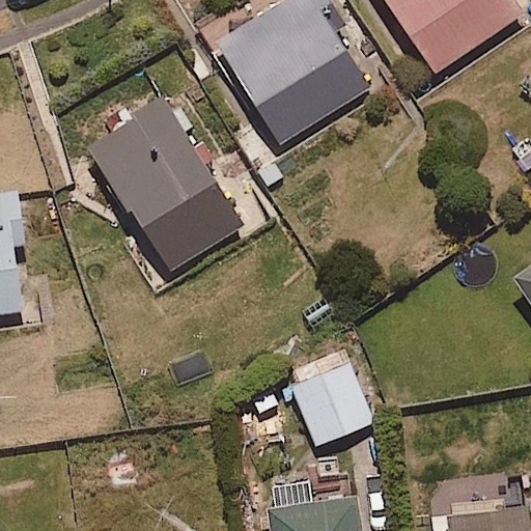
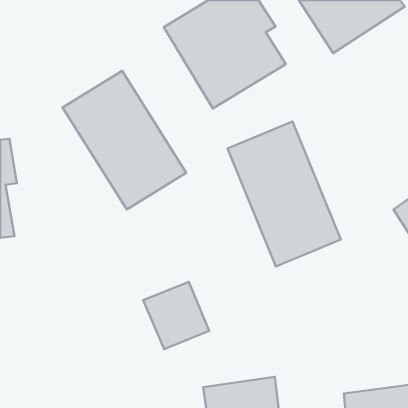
building: none -> [227,121,341,267]
building: [289,360,374,447] -> [143,282,209,349]

